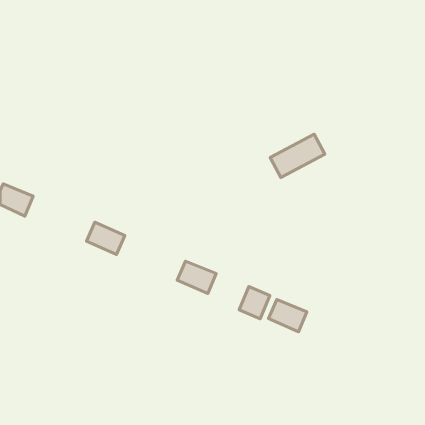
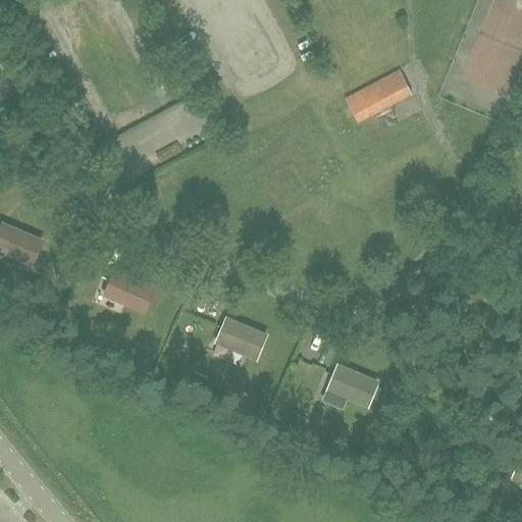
building: [270,134,325,178] -> [345,70,412,123]
building: [239,287,270,319] -> none

